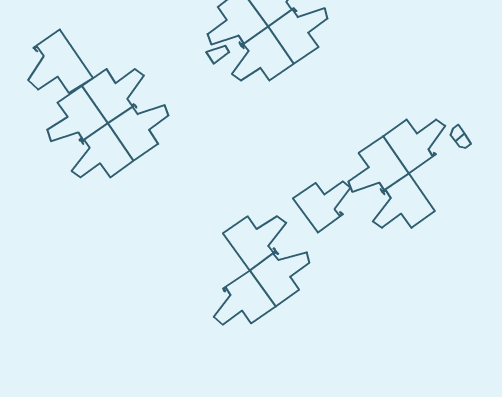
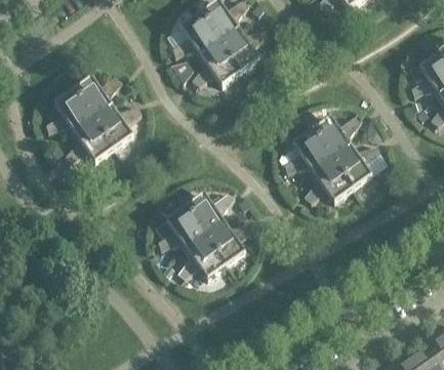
building: [28,29,93,93] -> none
building: none -> [332,143,380,189]
building: [293,181,351,233] -> none
building: none -> [158,206,206,250]

